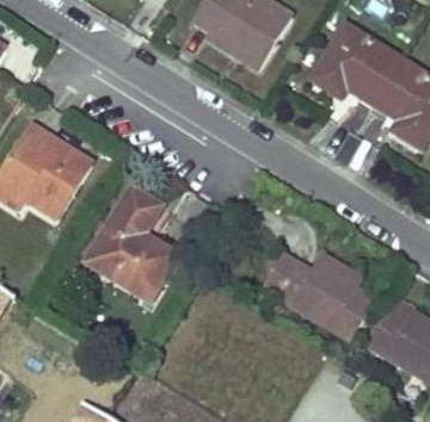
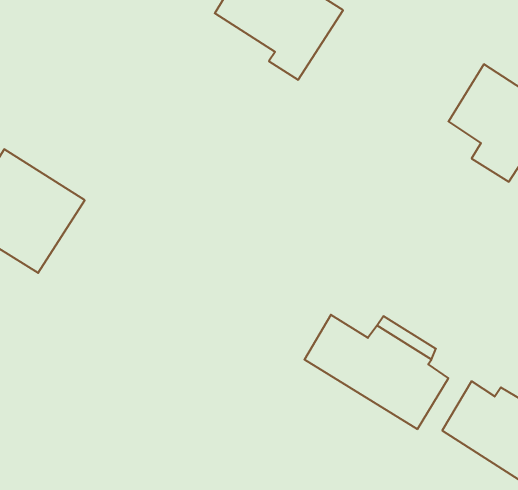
building: [312,25,400,103] -> none
building: [84,187,178,304] -> none

